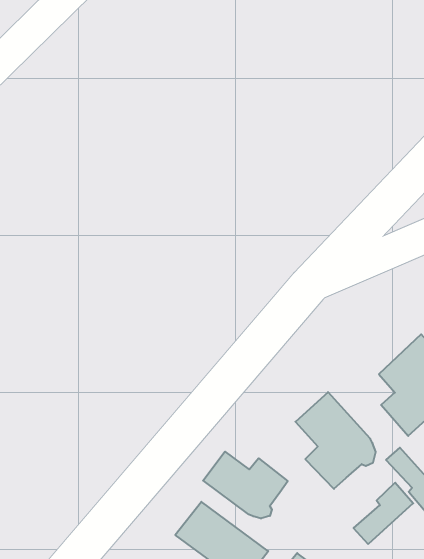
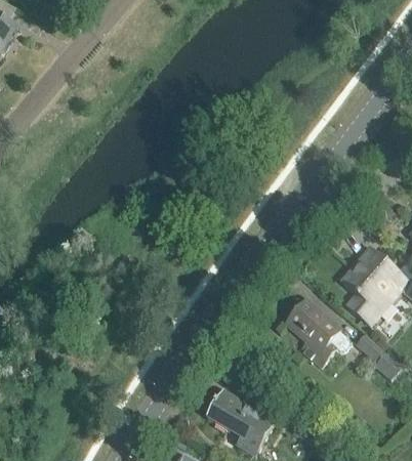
building: [203,452,288,519] -> none
building: [354,483,413,544] -> none

